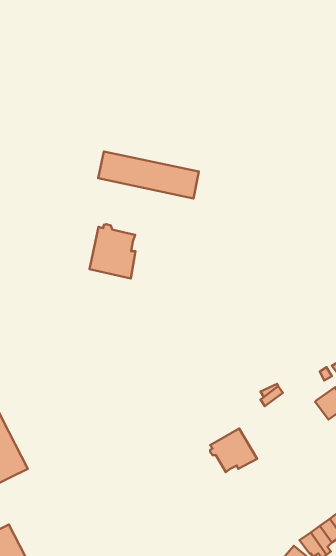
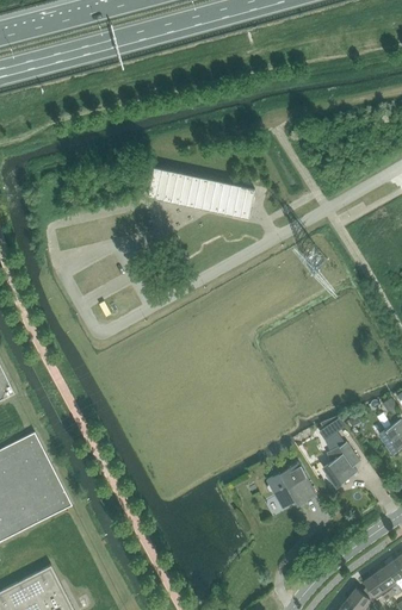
building: [90,224,136,279] -> none
building: none -> [322,442,359,487]

